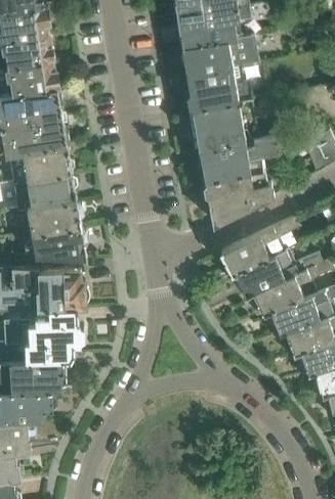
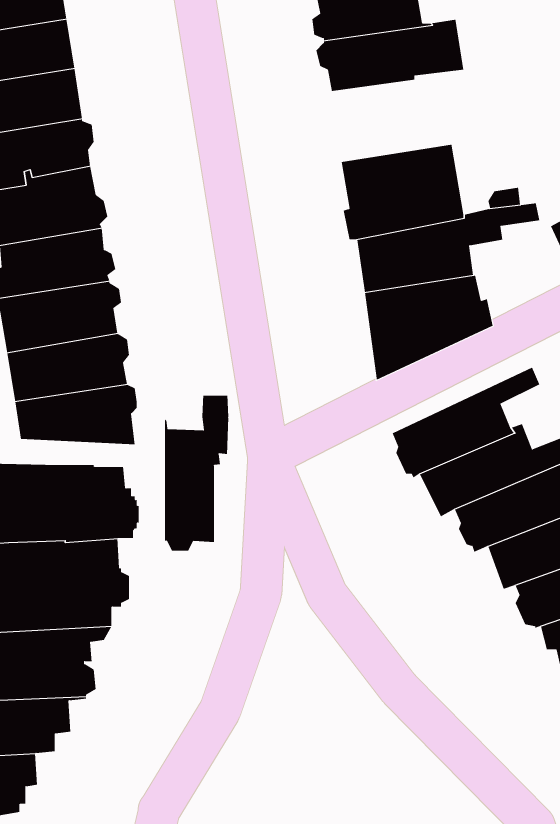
building: [187,65,252,110] -> none
building: none -> [164,395,229,551]

